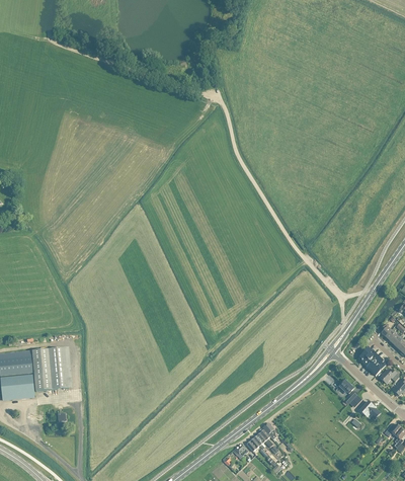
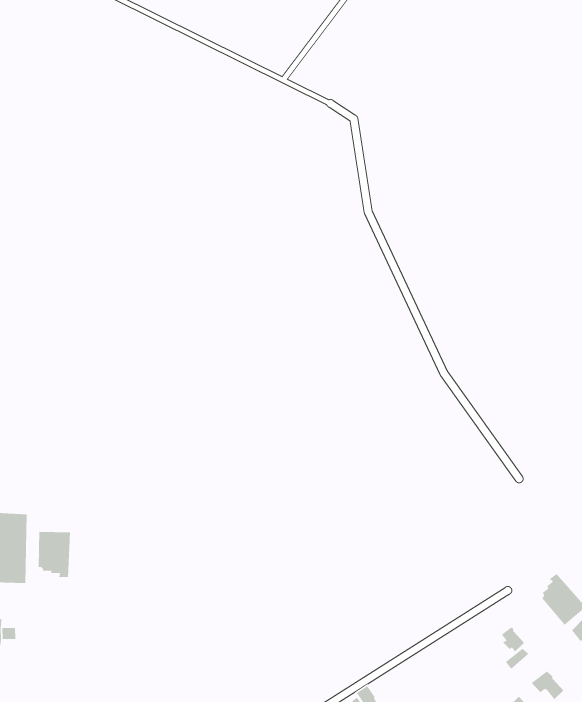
building: none -> [38,531,71,578]

